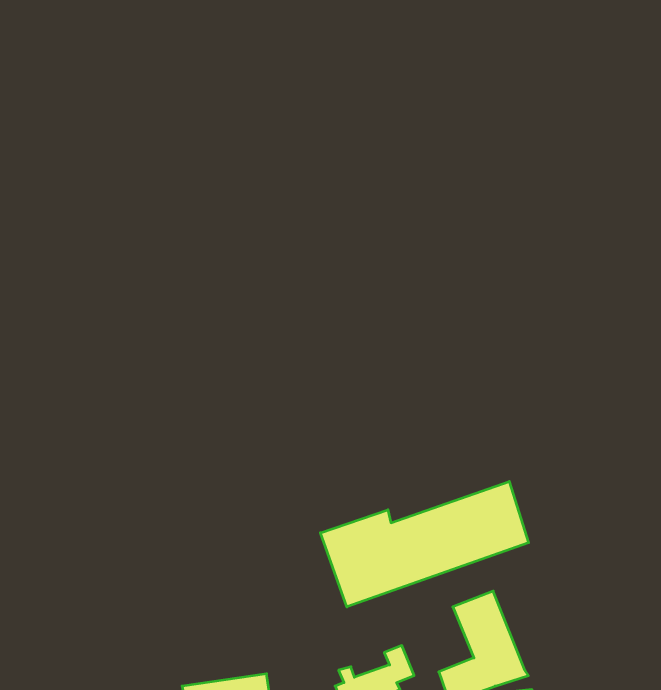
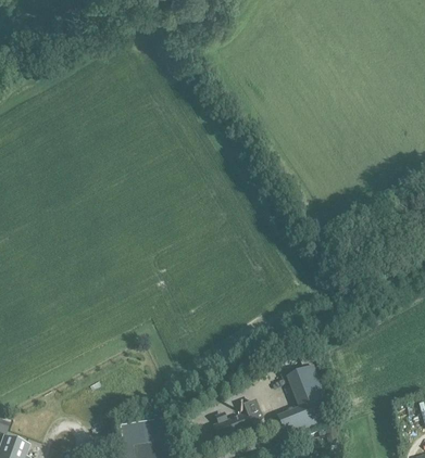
building: [320,481,529,607] -> none

